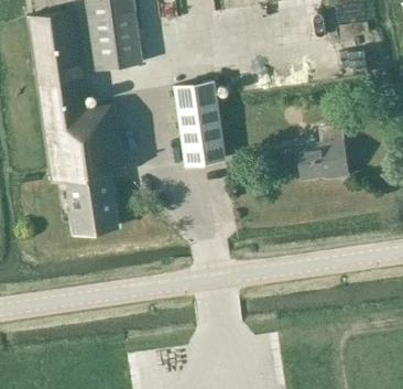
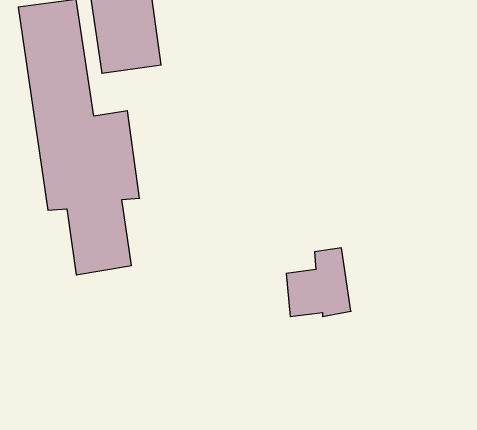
building: [174,80,226,165] -> none
building: [296,125,349,181] -> [286,248,351,317]

